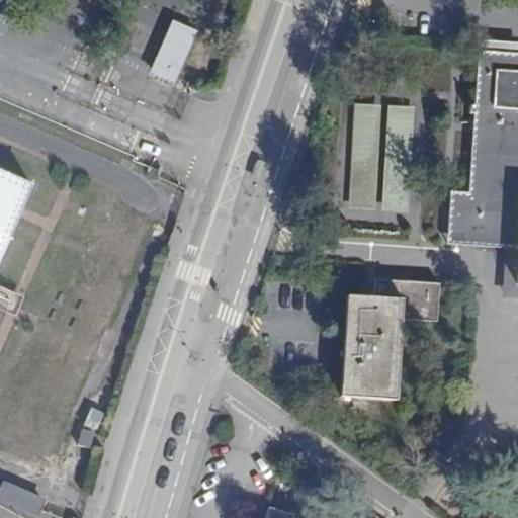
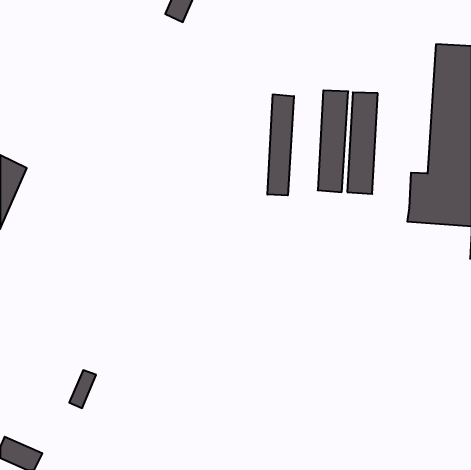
building: [151,20,198,81] -> none
building: none -> [267,94,294,195]
building: [341,277,440,399] -> none

